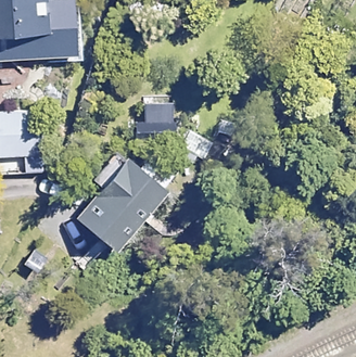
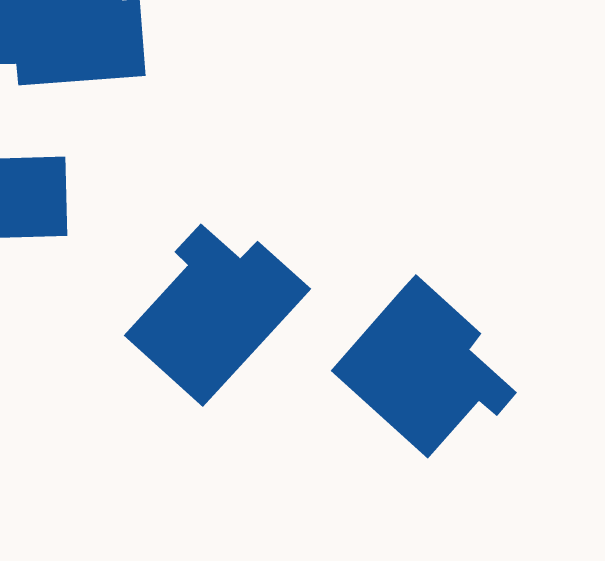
building: none -> [330,273,518,459]

